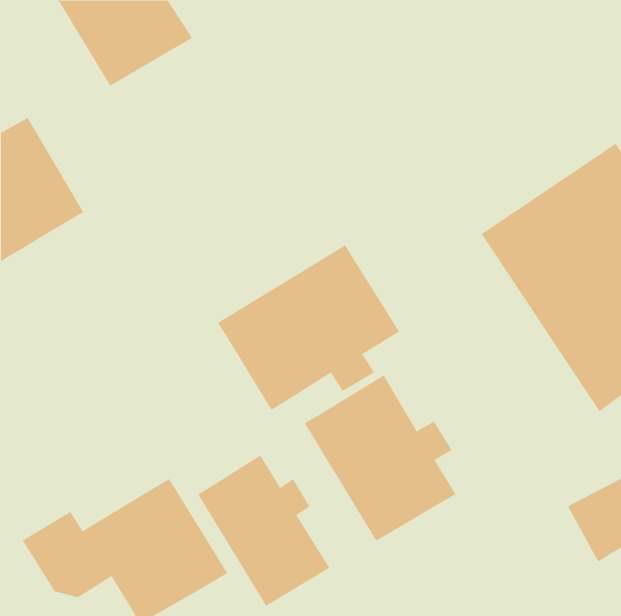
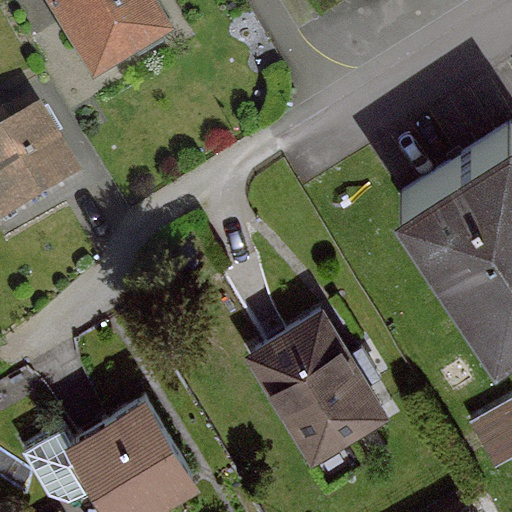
building: [217,245,400,411] -> none
building: [198,455,330,607] -> none

